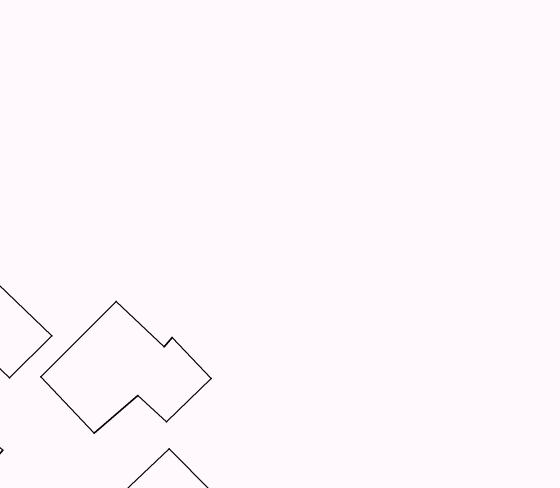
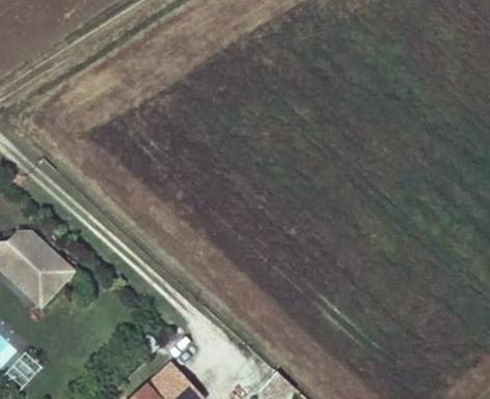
building: [41,301,211,433] -> none

